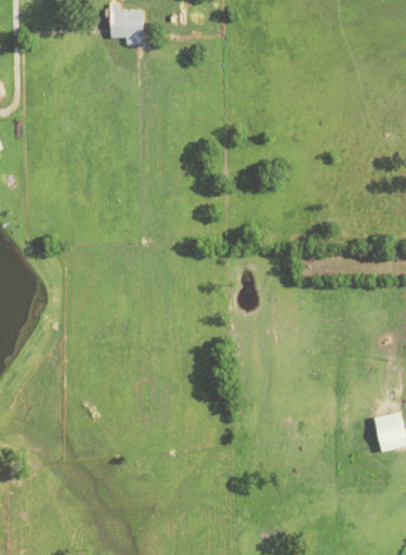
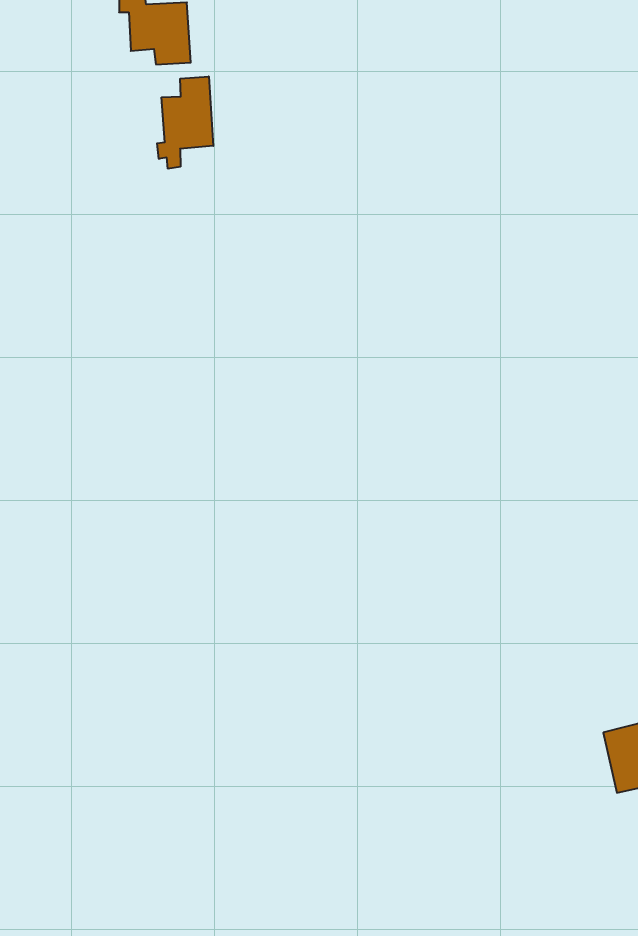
building: none -> [157,76,213,169]

